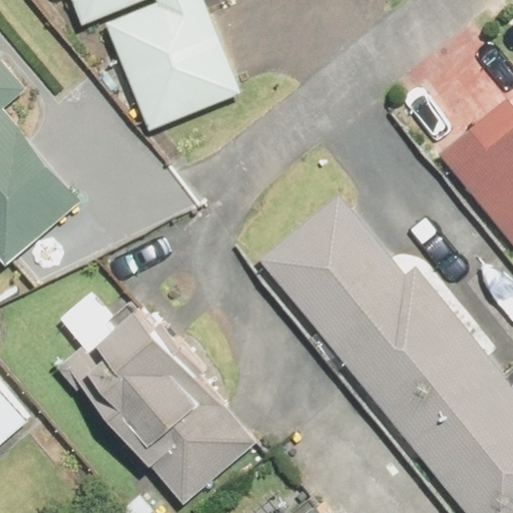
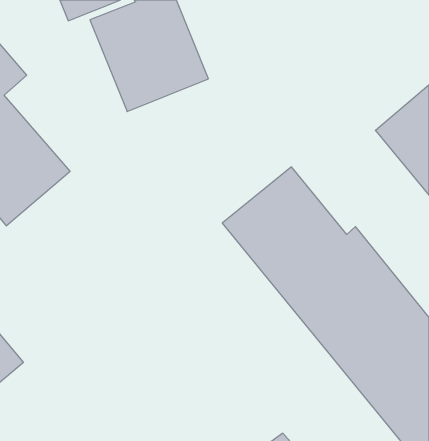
building: [98,309,255,501] -> none

